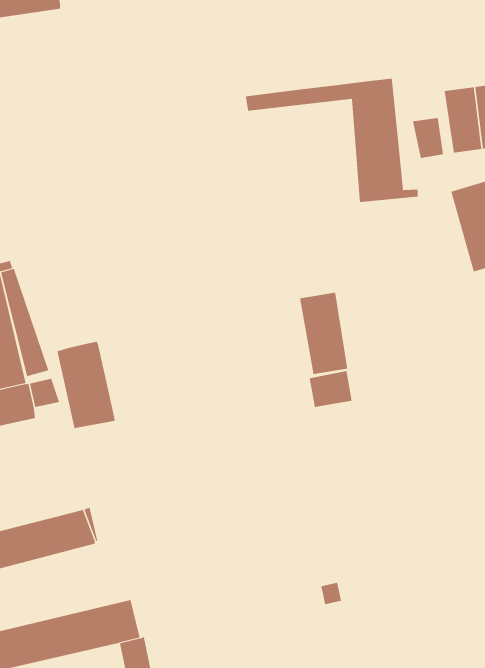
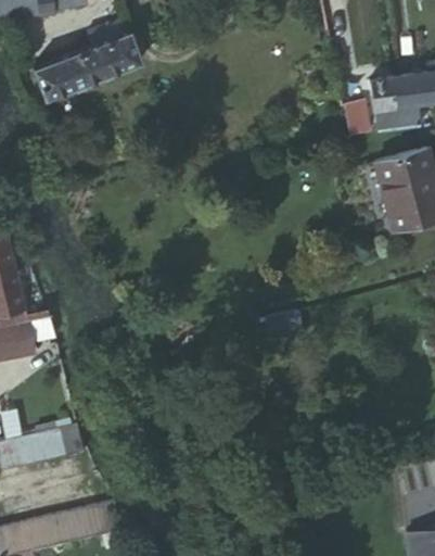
building: none -> [34,31,142,98]
building: [245,78,418,203] -> none
building: [300,292,348,375] -> none
building: [57,341,116,429] -> none

